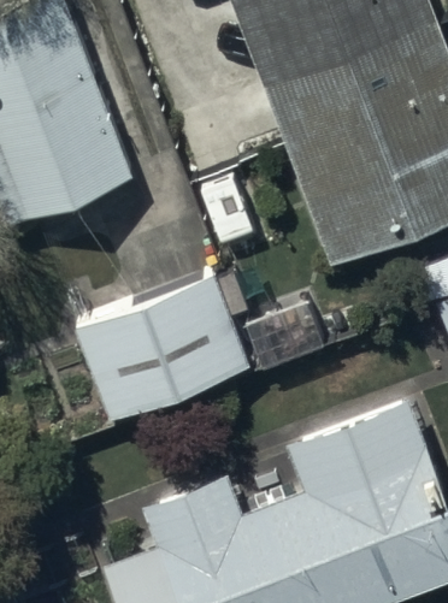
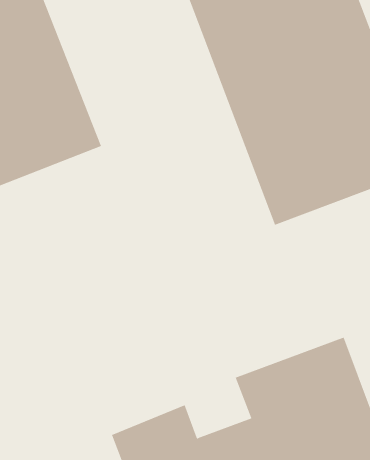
building: [77,264,254,410] -> none

